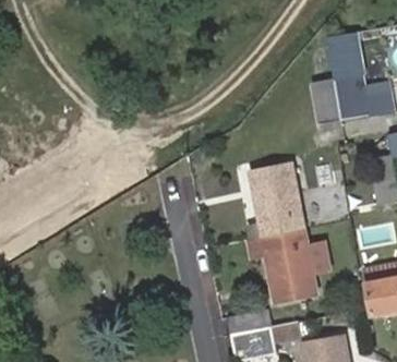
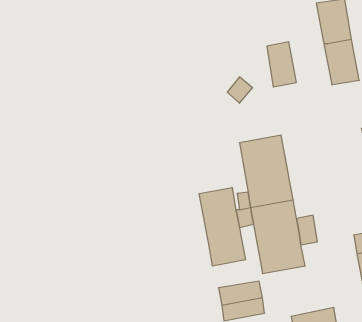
building: [314,76,344,121] -> [267,42,296,87]
building: none -> [199,187,245,266]

